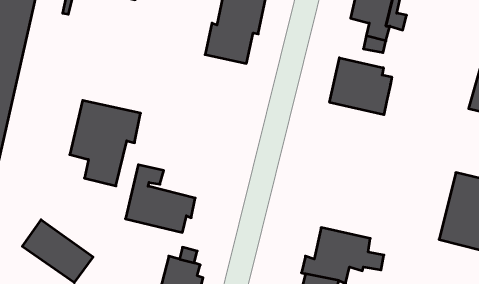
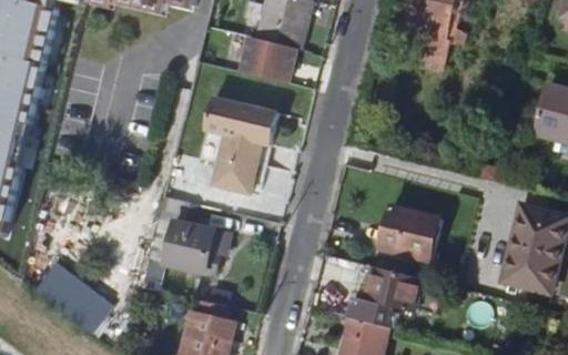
building: [330,58,392,115] -> none
building: [70,100,141,186] -> [197,97,277,193]
building: none -> [377,206,438,260]

